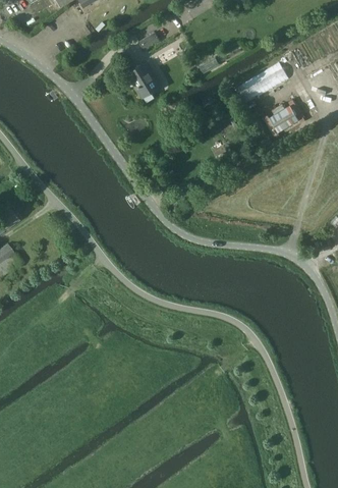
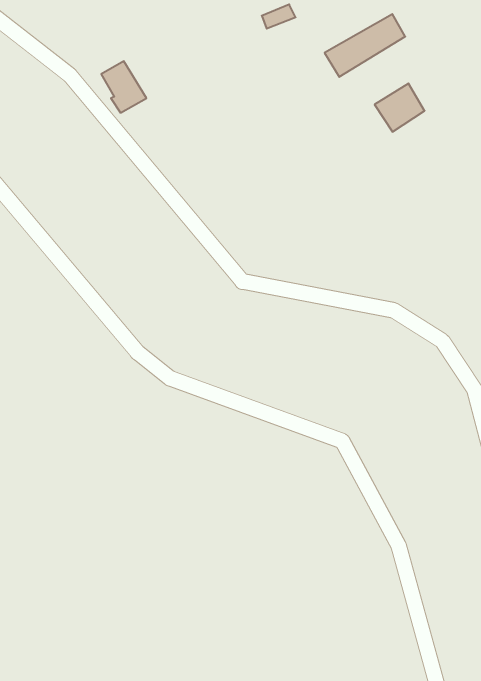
building: [129,62,158,95] -> [101,61,146,113]

